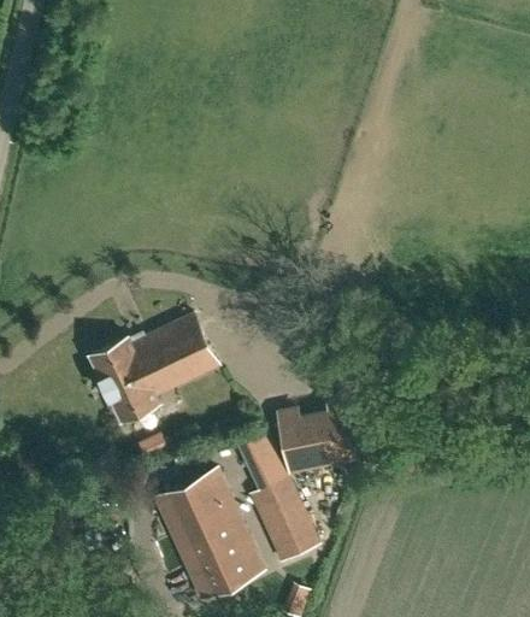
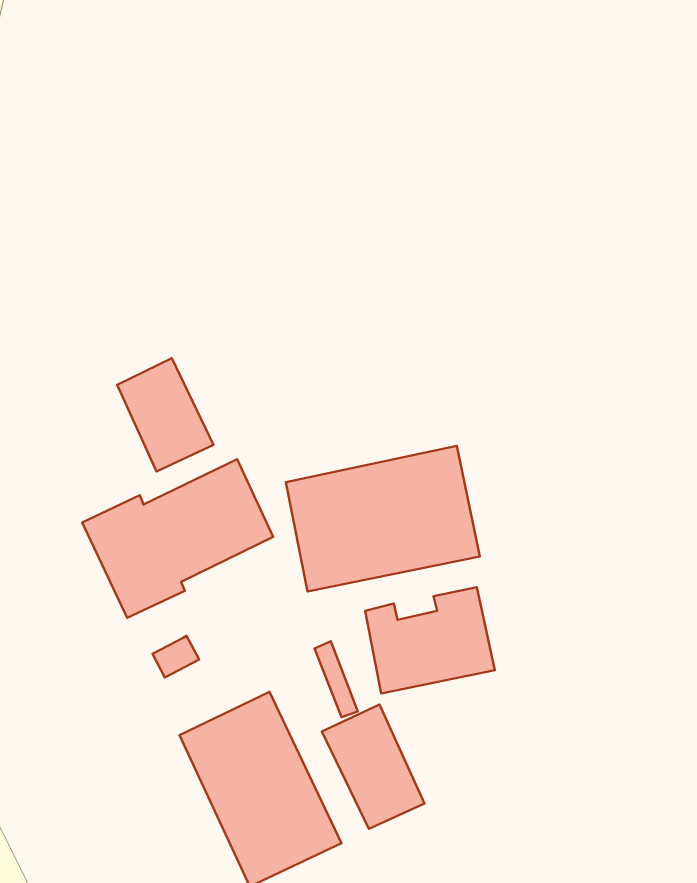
building: none -> [117,358,214,472]
building: none -> [286,446,480,591]

